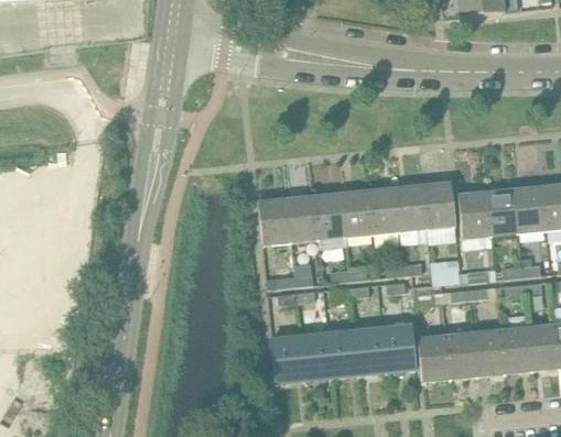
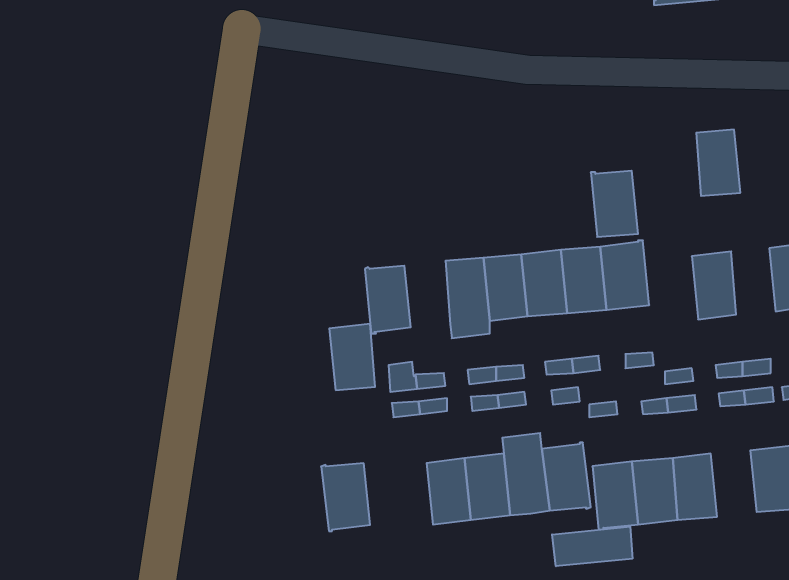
building: [513,186,543,232] -> [696,130,740,196]
building: [456,192,489,238] -> [591,171,638,237]
building: [284,195,316,241] -> [329,324,375,390]
building: [498,327,530,373] -> none
building: [270,336,304,383] -> [321,463,370,531]
building: none -> [552,527,632,566]

